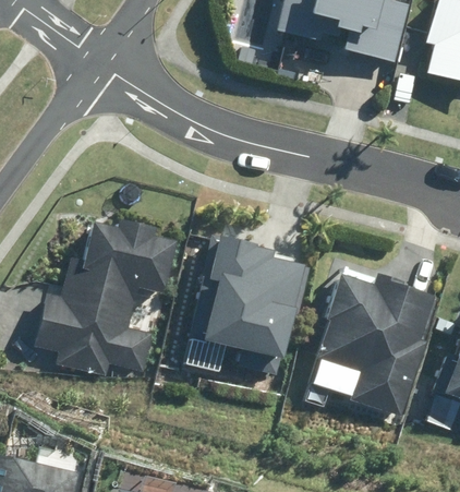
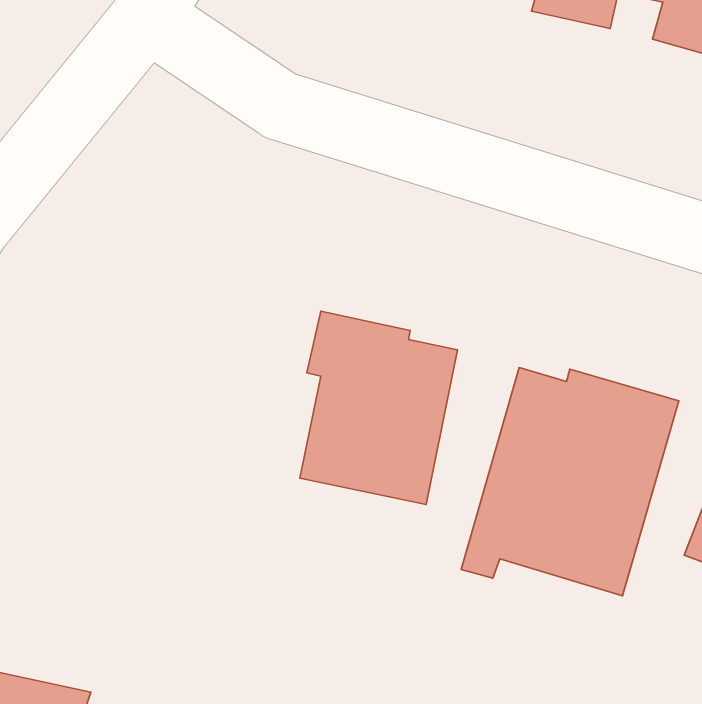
building: [34,216,175,375] -> none

